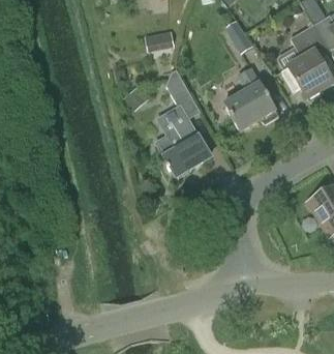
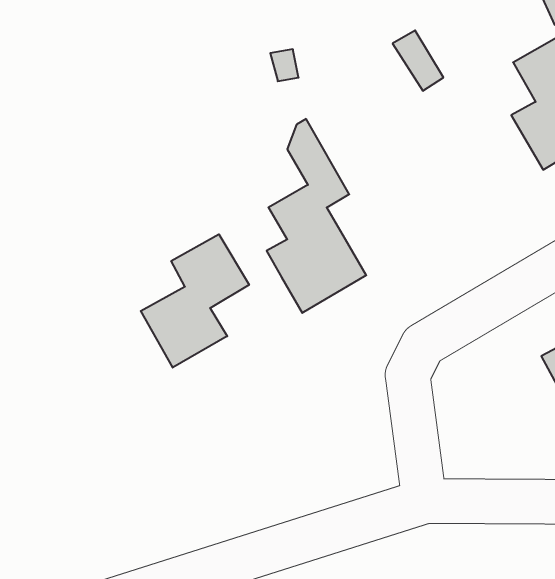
building: [223,67,279,131] -> none
building: none -> [141,234,249,368]

